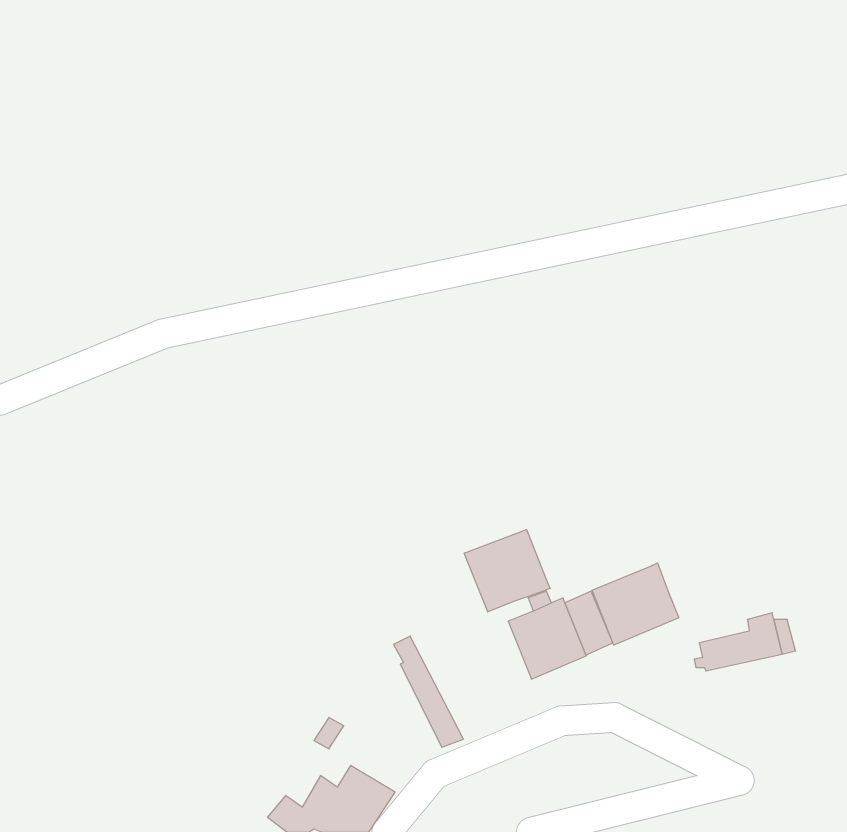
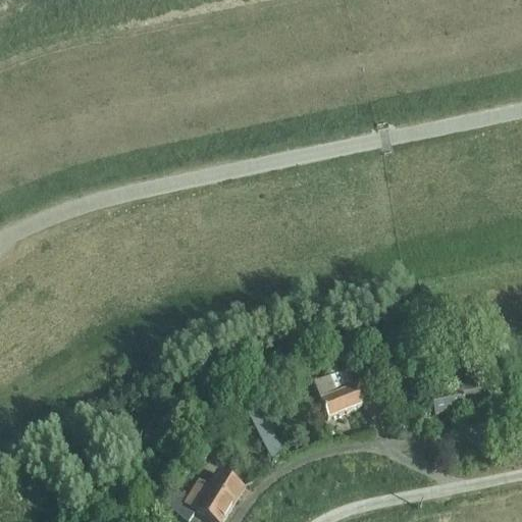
building: [464,530,550,612] -> none
building: [592,563,679,645] -> none

